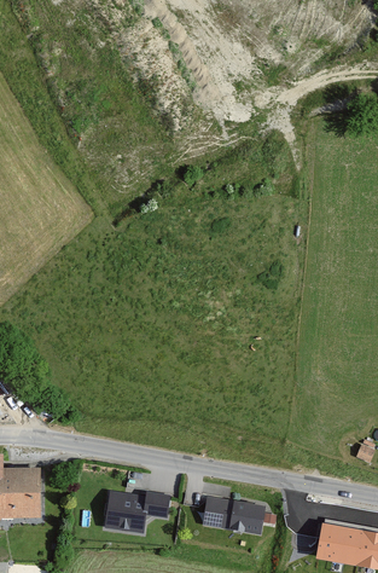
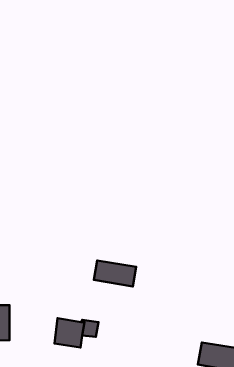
building: [200,498,263,537] -> [94,260,136,286]

